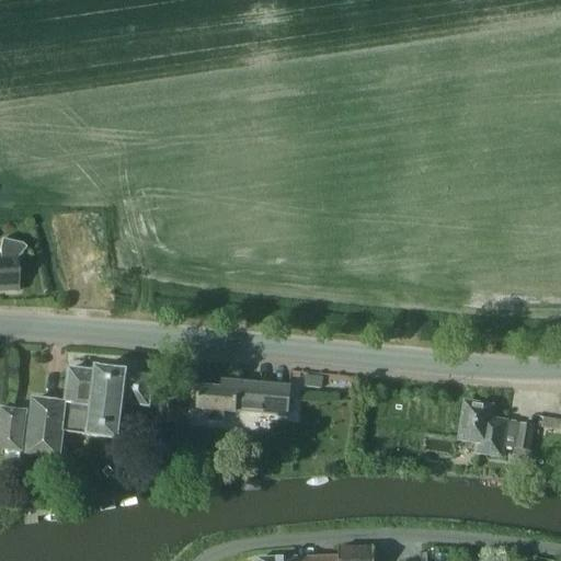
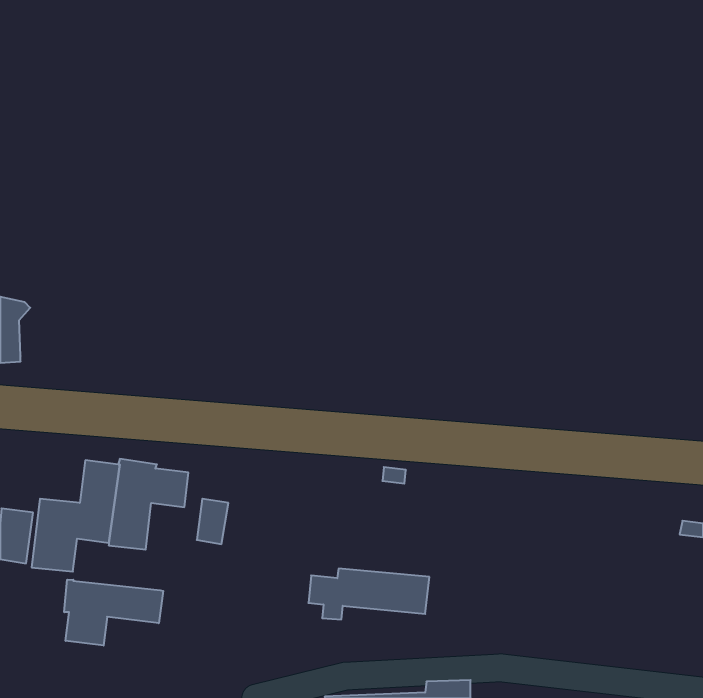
building: [195,379,291,420] -> [308,569,429,619]
building: [458,400,533,460] -> none
building: none -> [64,580,163,646]

